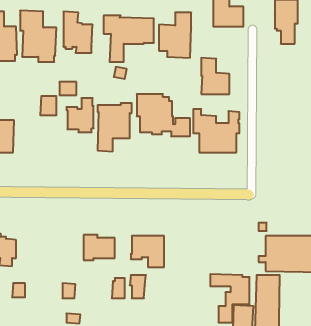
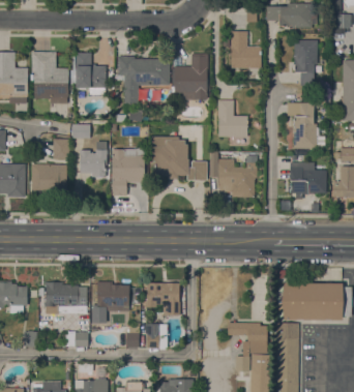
building: none -> [287,102,316,148]
building: none -> [289,161,326,198]
building: none -> [31,163,66,198]
building: none -> [43,281,86,305]

